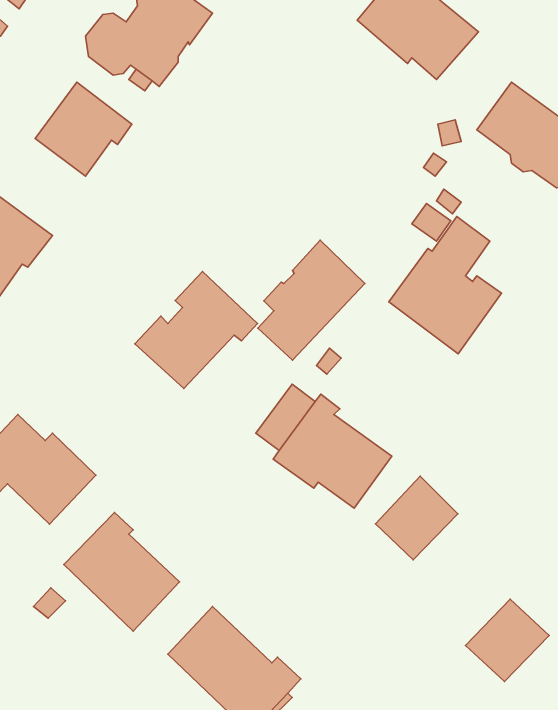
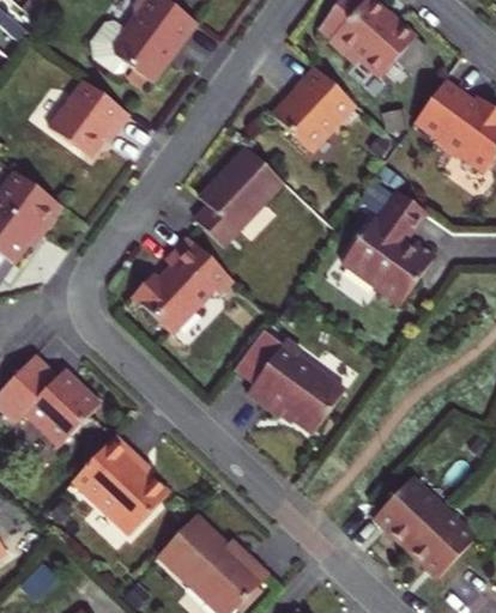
building: none -> [272,66,356,148]
building: [258,240,365,360] -> [195,146,284,245]
building: [375,476,458,560] -> [375,477,443,546]

